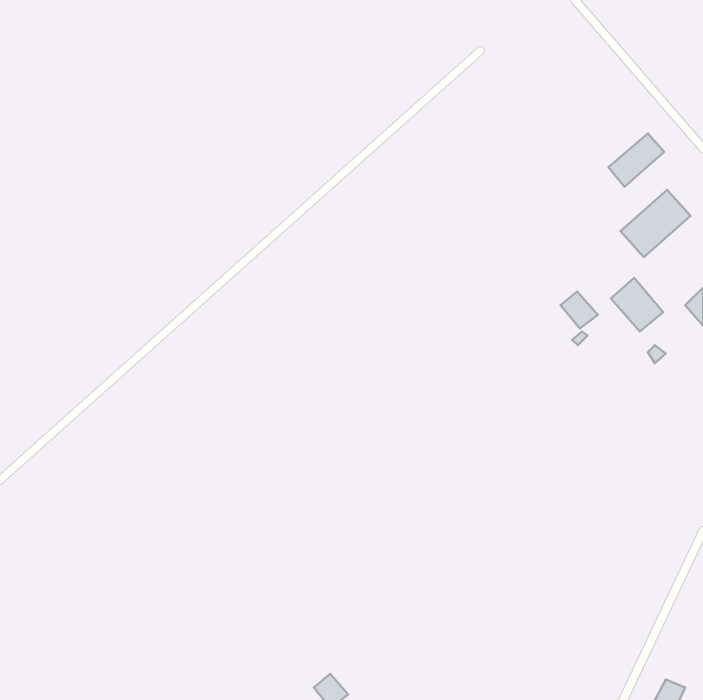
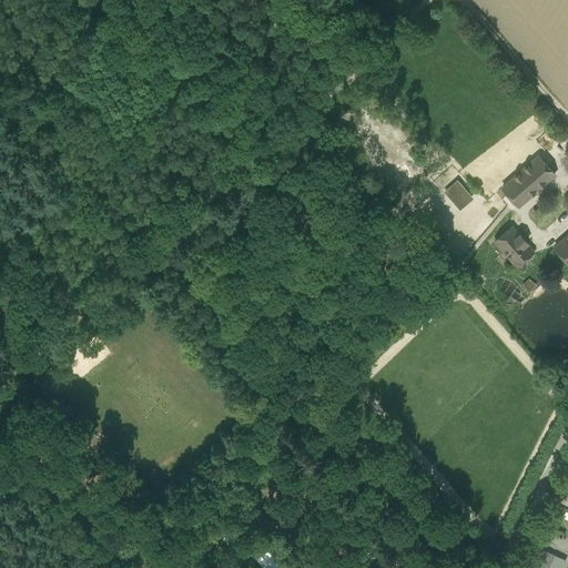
building: [608,134,664,187] -> none
building: [561,291,598,329] -> [444,182,474,212]

